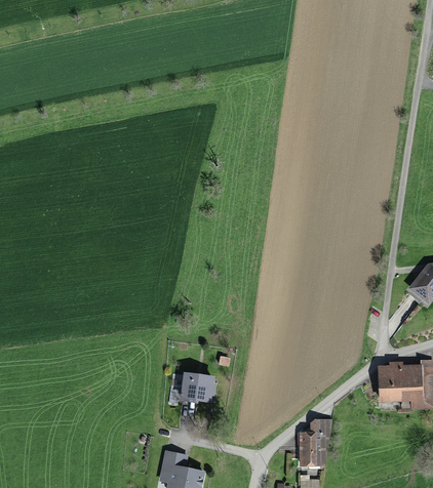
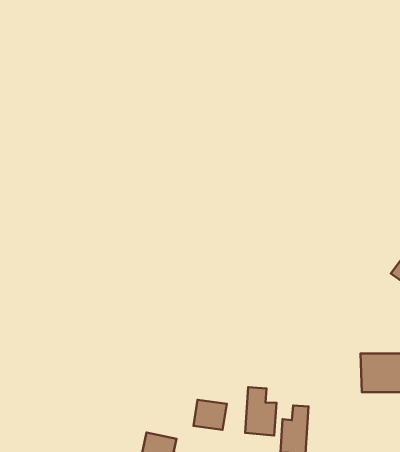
building: [179,373,211,403] -> [193,400,227,430]
building: none -> [245,387,276,435]

